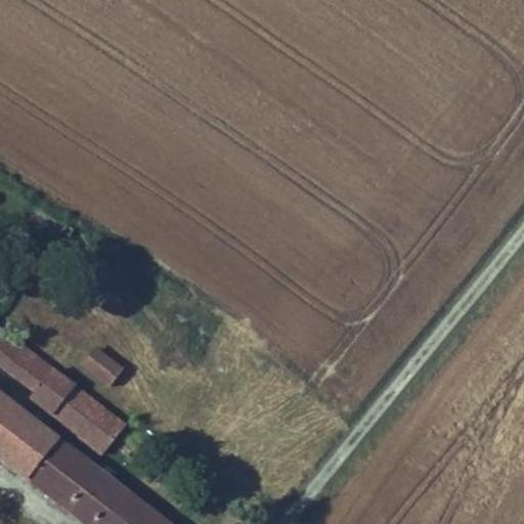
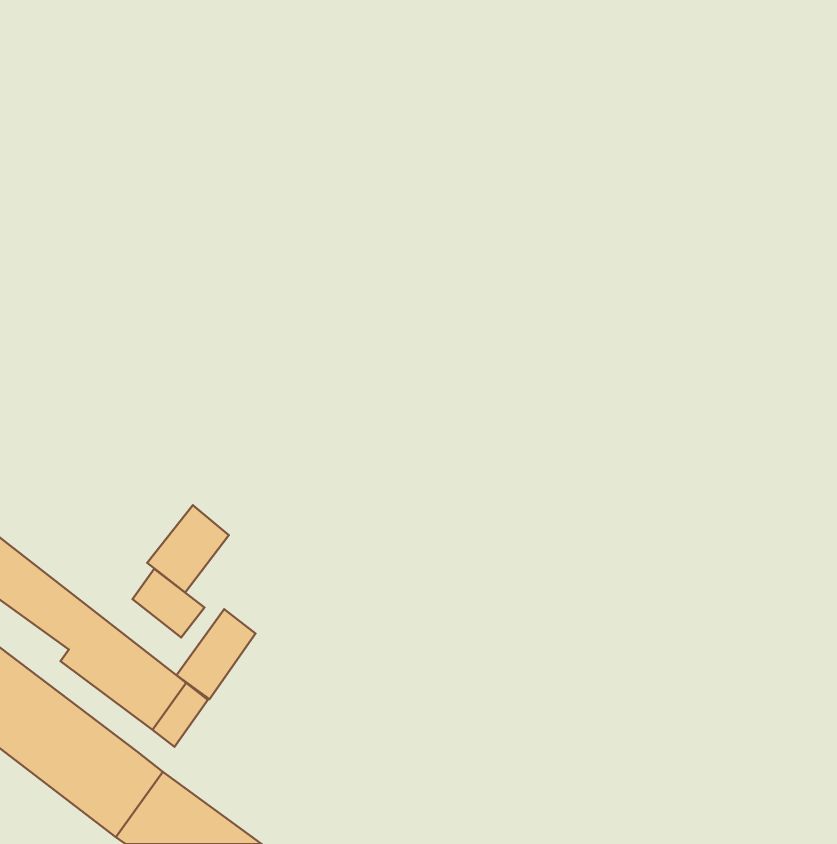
building: none -> [147,505,229,593]
building: none -> [176,609,256,699]

